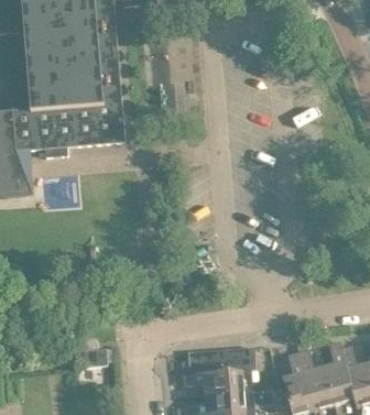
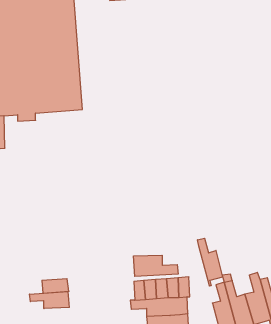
building: none -> [198,238,223,286]
building: none -> [134,255,178,276]
building: none -> [30,291,69,309]

